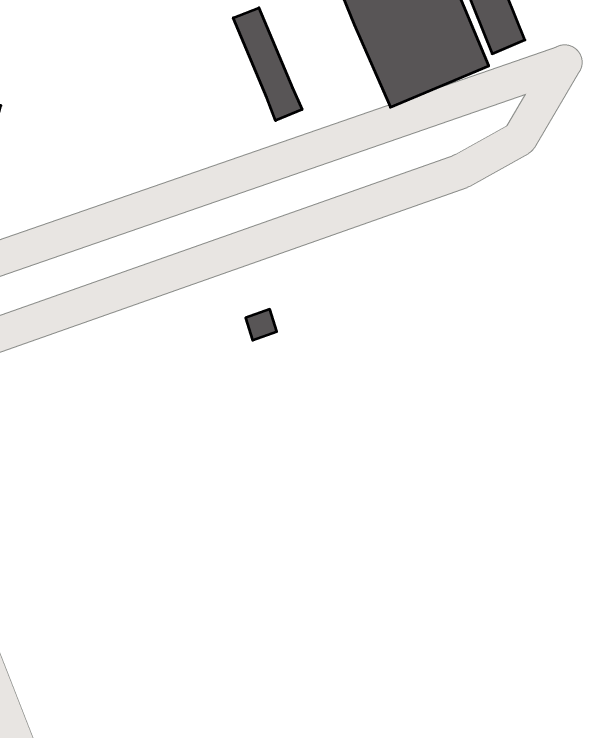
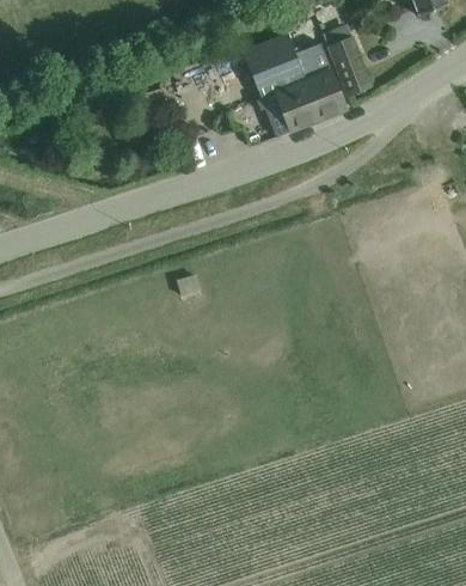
building: [233,8,302,121] -> none

